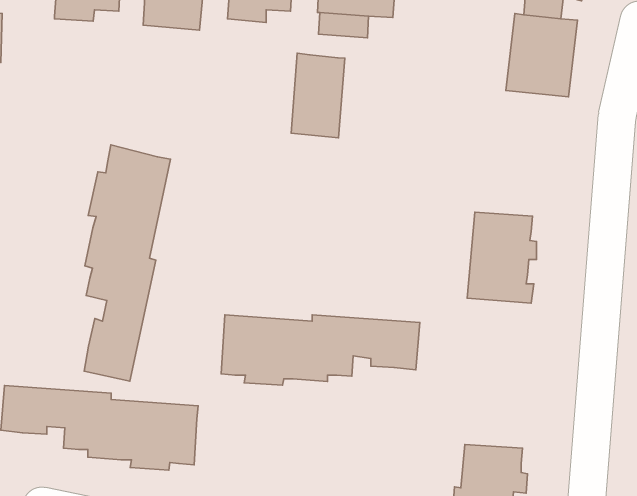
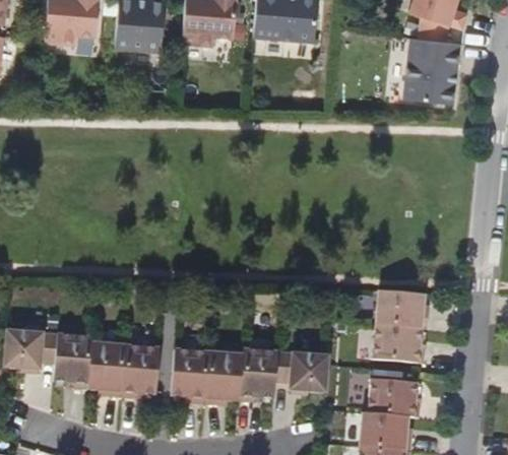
building: [291,53,345,138] -> none
building: [84,145,171,381] -> none
building: [467,212,536,303] -> [373,290,428,363]
building: [221,315,420,385] -> [171,349,328,405]

